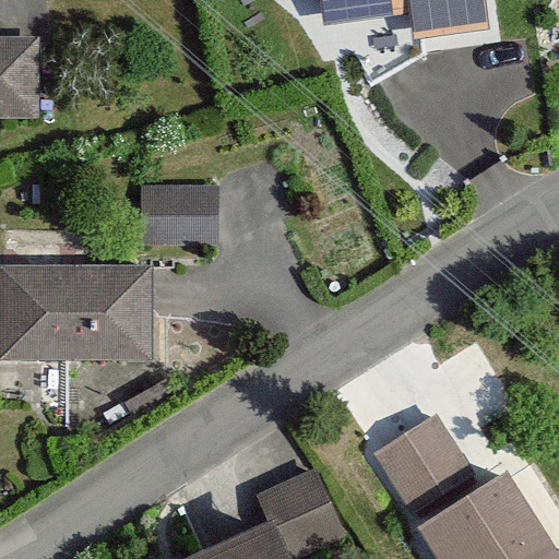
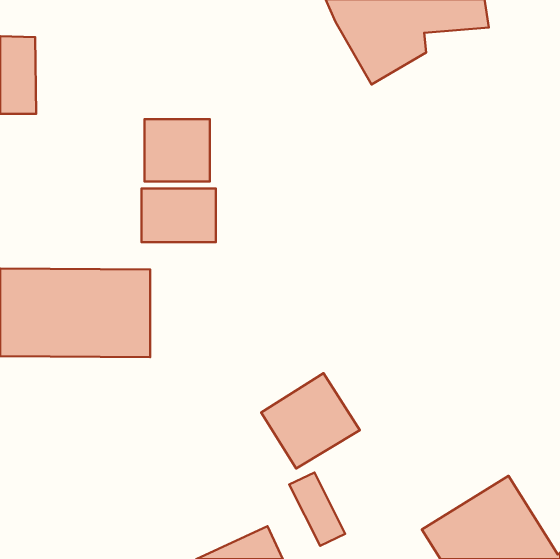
building: none -> [144,119,210,181]
building: [374,416,473,511] -> [261,373,360,468]

